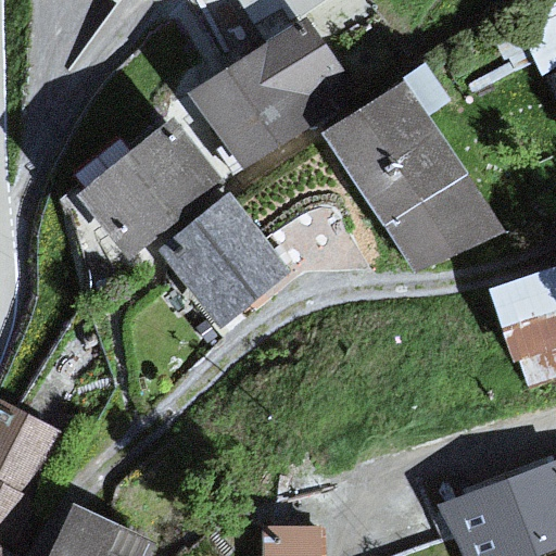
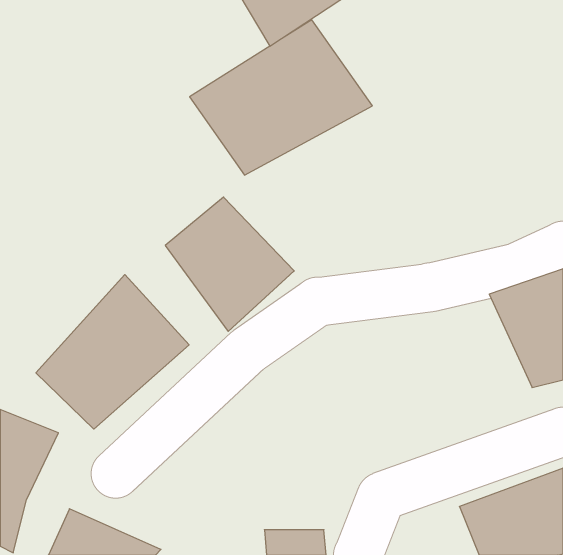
building: [320,84,507,271] -> none
building: [76,121,225,260] -> none
building: none -> [36,275,189,429]

